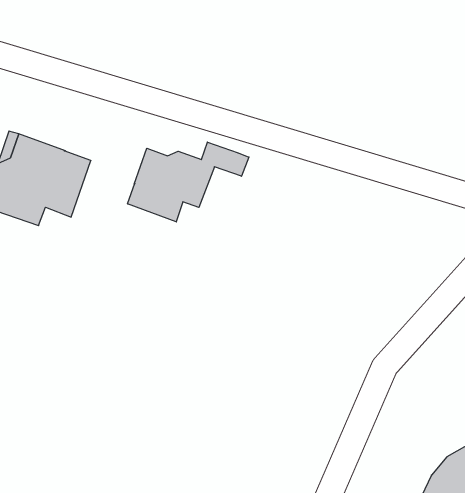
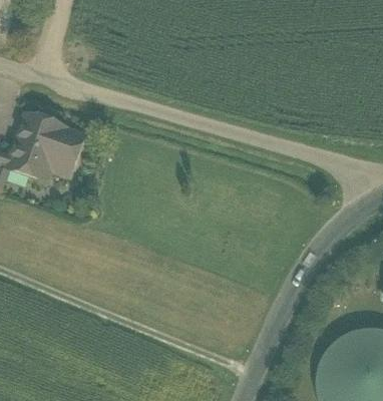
building: [128,142,249,222] -> none

